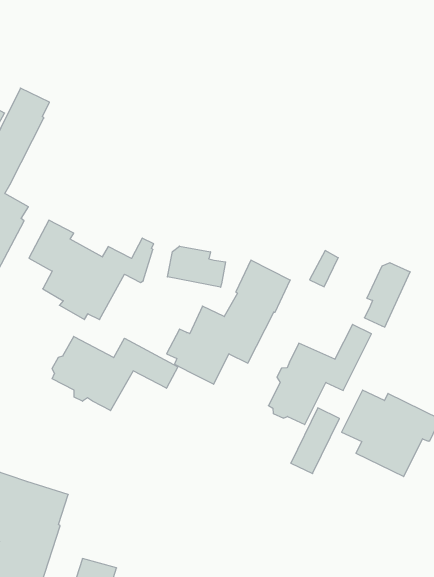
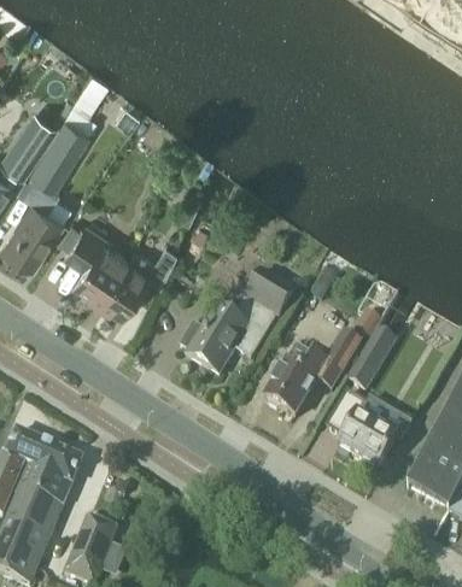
building: [167,246,226,287] -> none
building: [52,336,178,411] -> none
building: [291,408,339,474] -> [346,331,392,388]

